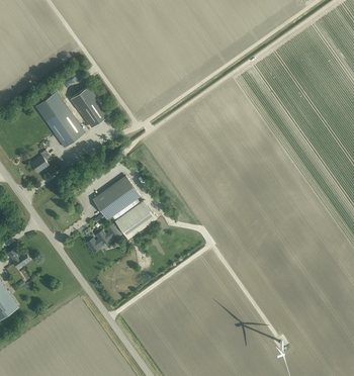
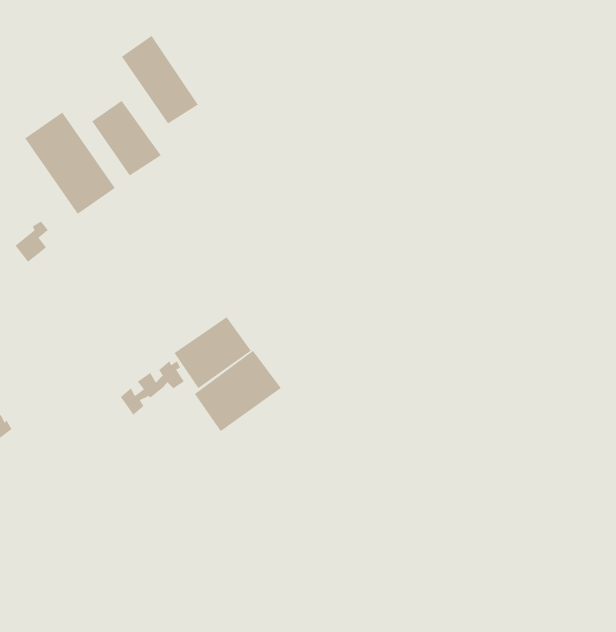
building: none -> [121,35,199,125]
building: [93,175,140,218] -> [194,350,282,432]

